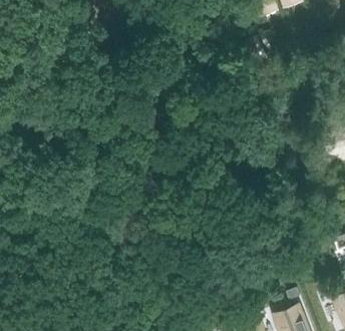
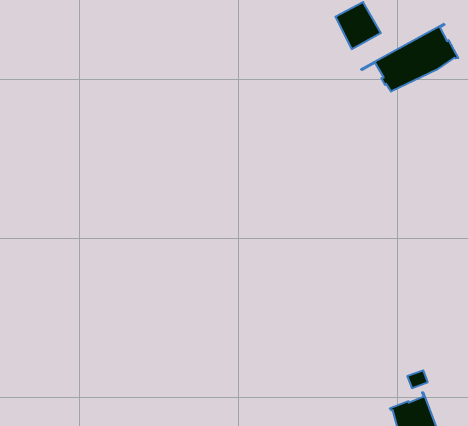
building: none -> [361,24,458,92]

